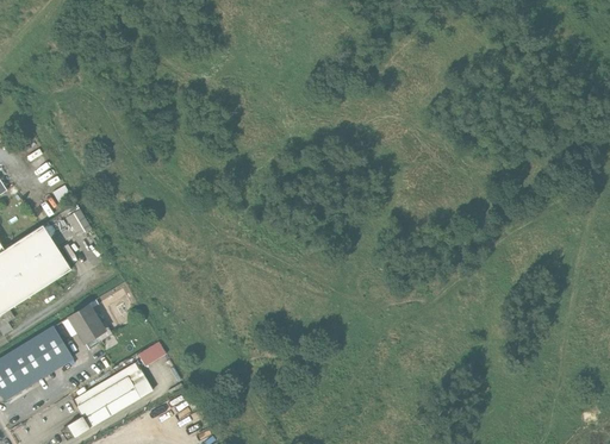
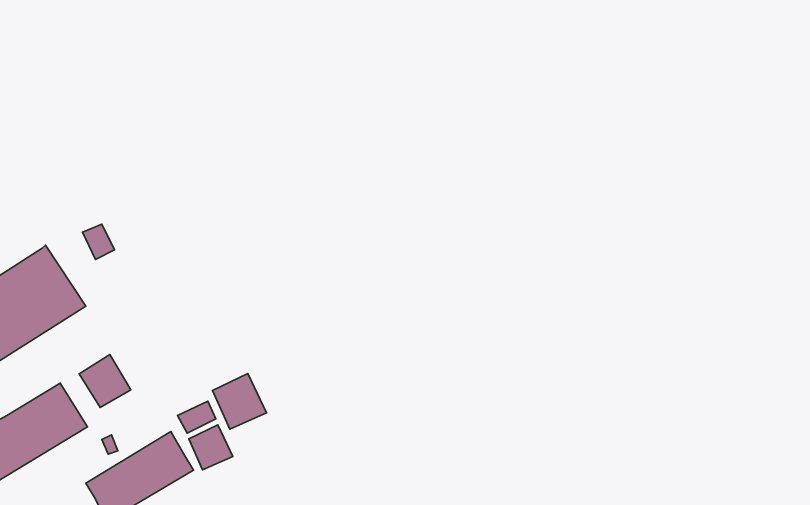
building: none -> [212,373,267,429]
building: none -> [189,425,233,470]

